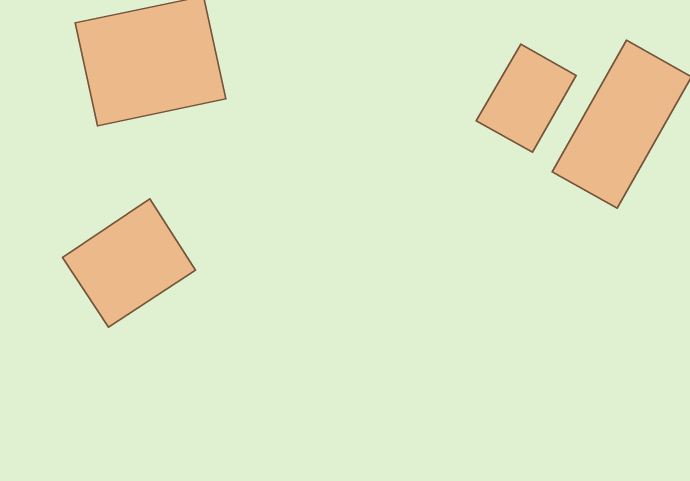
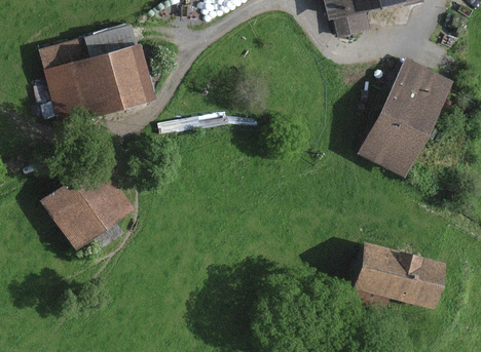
building: [476,44,576,152] -> none
building: none -> [344,243,435,312]

